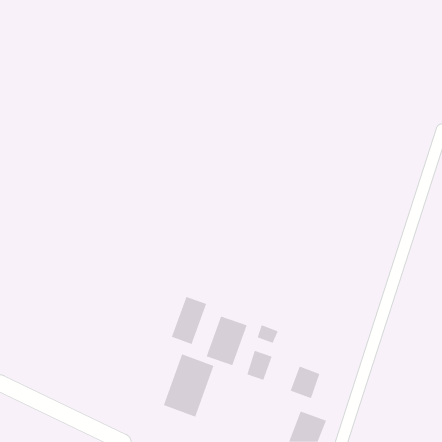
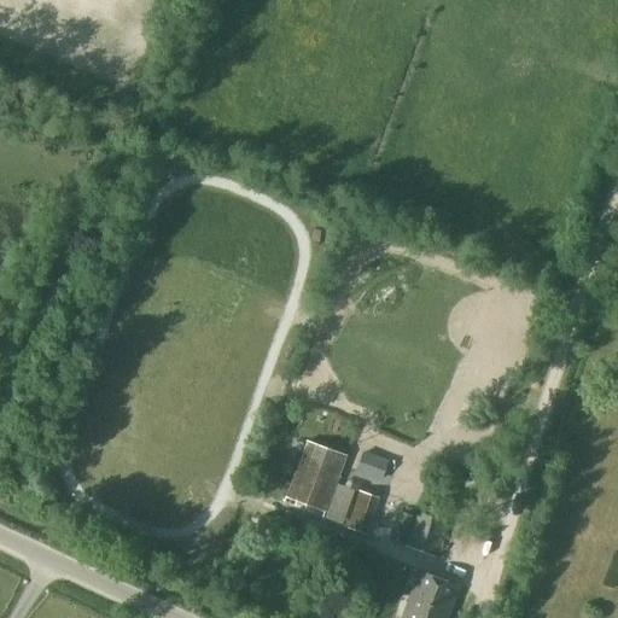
building: [171,296,207,345] -> none
building: [163,354,214,417] -> none

